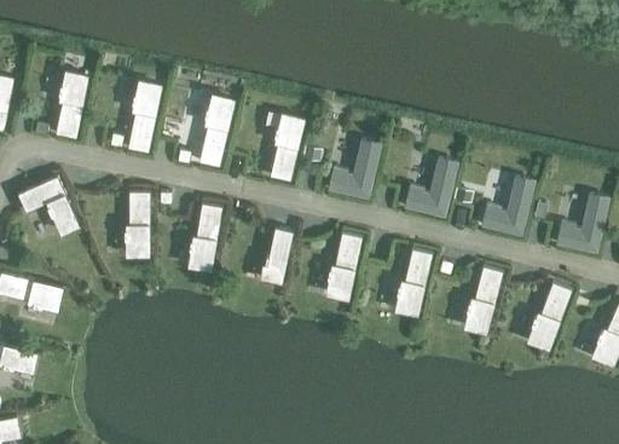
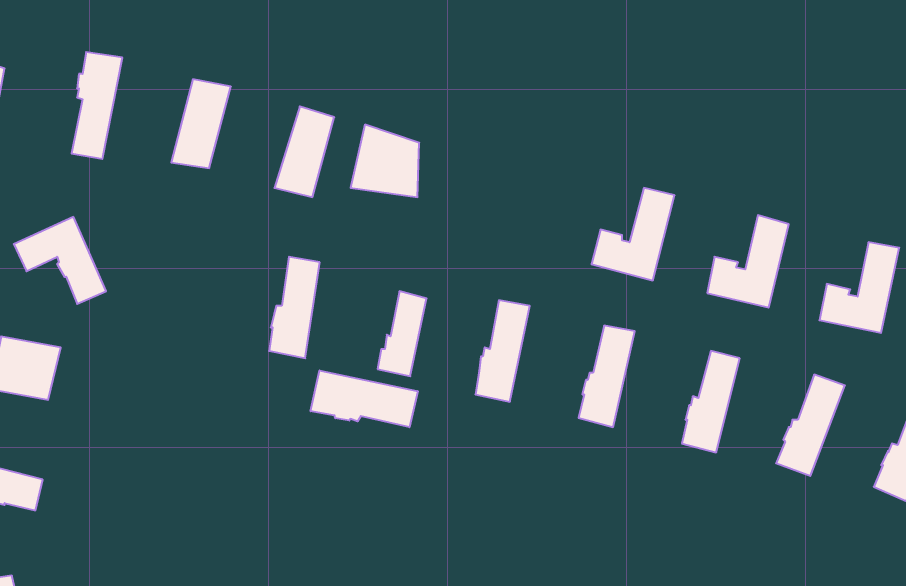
building: [326,139,380,201] -> none
building: [125,191,150,256] -> none
building: none -> [311,370,418,427]

